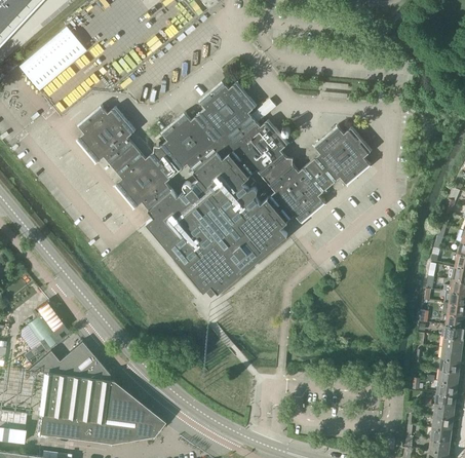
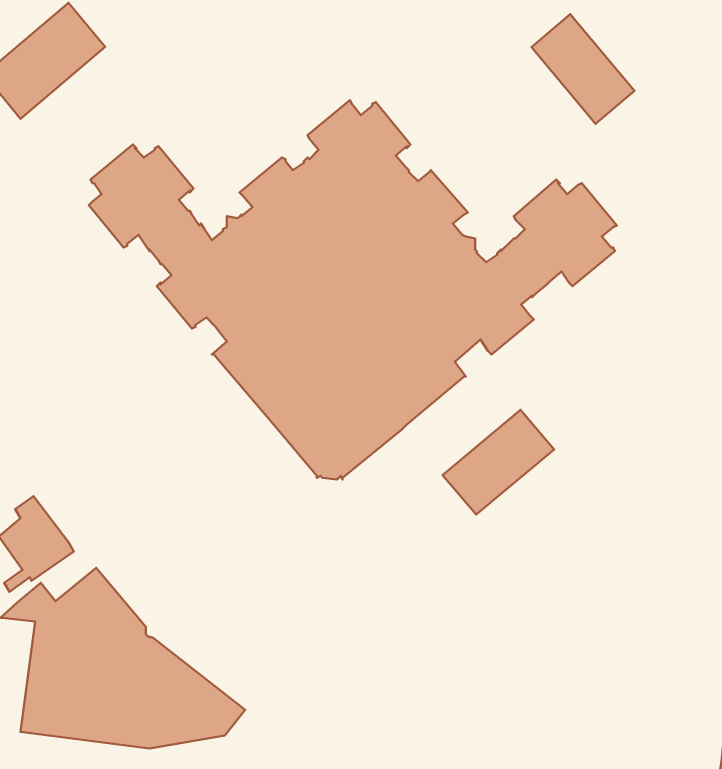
building: none -> [531,14,634,124]
building: none -> [443,410,554,515]

